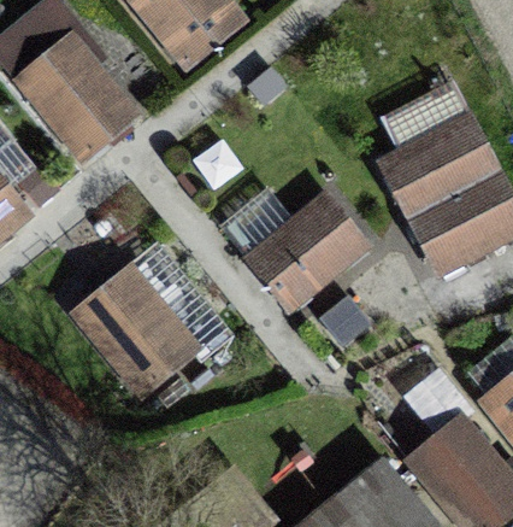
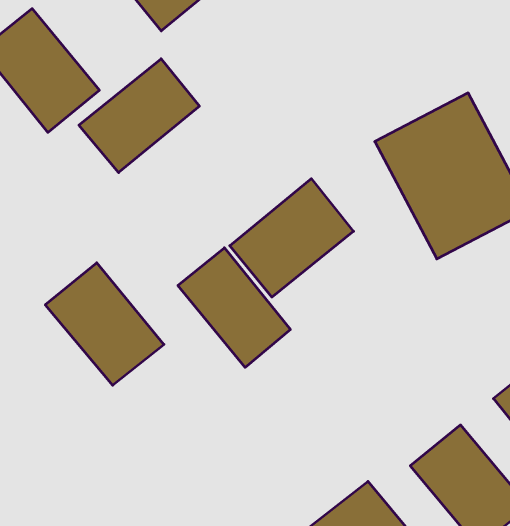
building: none -> [79,59,199,173]
building: none -> [178,248,290,367]

